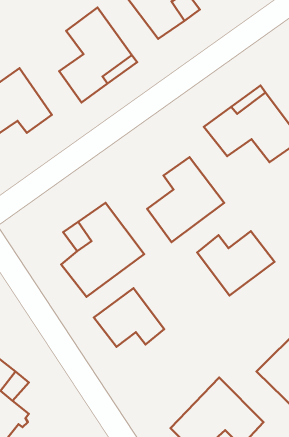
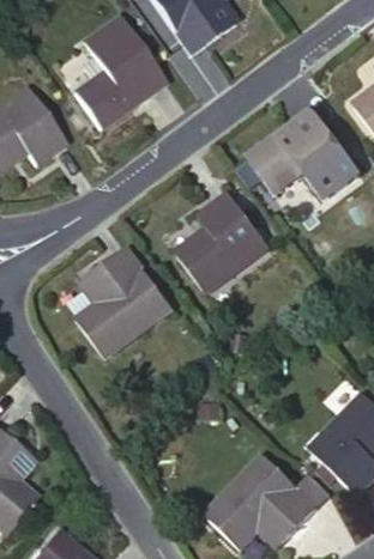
building: [197,231,275,296] -> none
building: [94,288,164,347] -> none

